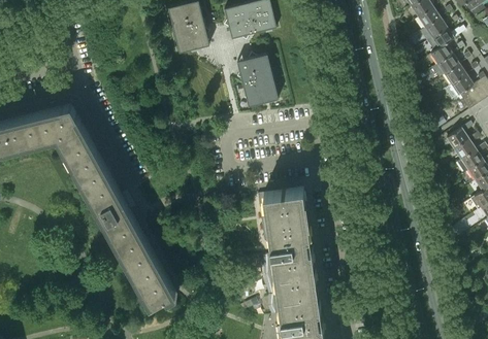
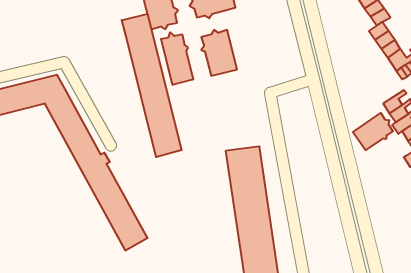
building: none -> [122,14,181,157]
building: none -> [161,32,193,85]
building: none -> [353,113,393,150]

